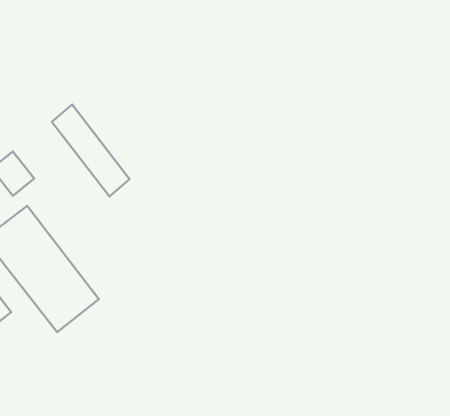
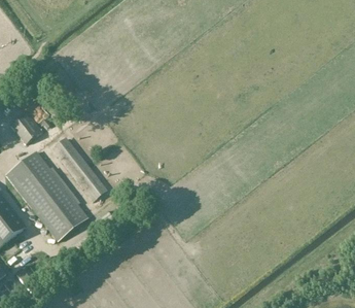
building: [52,105,129,196] -> [50,136,106,202]

